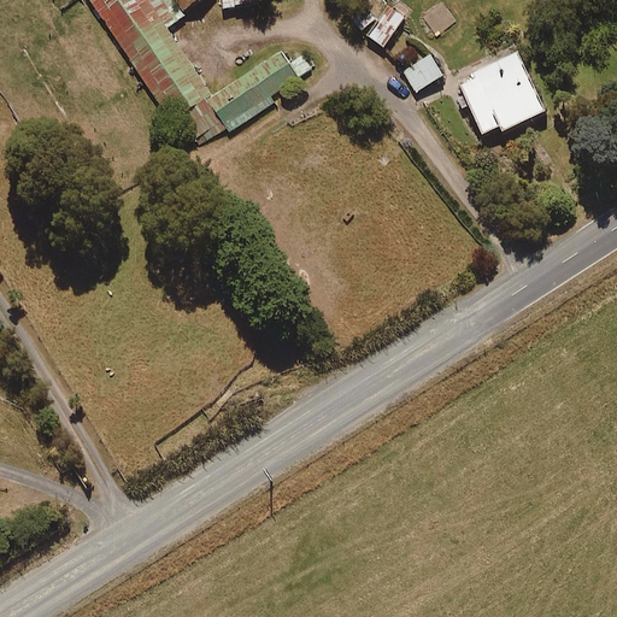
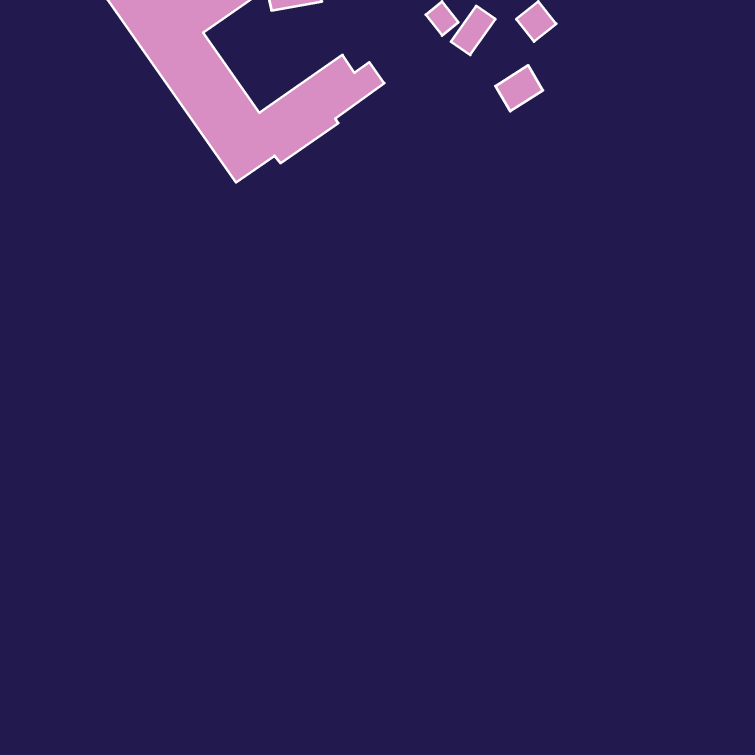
building: [457,51,545,137] -> none

